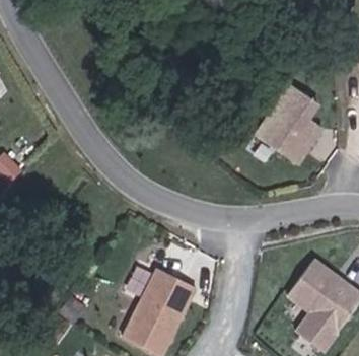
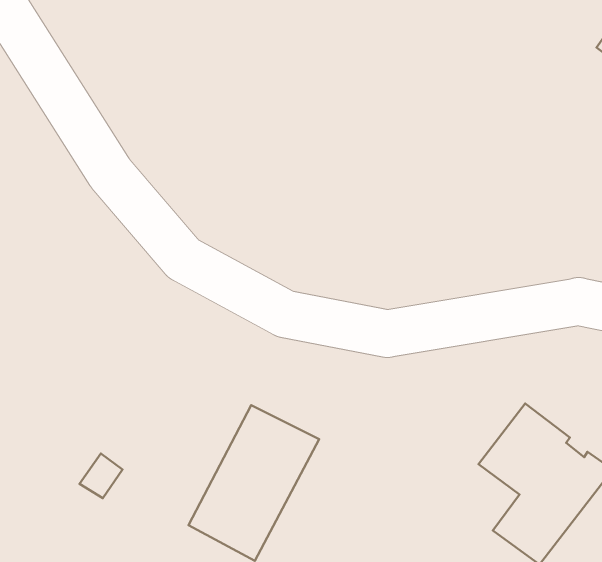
building: [256,87,322,165] -> none

